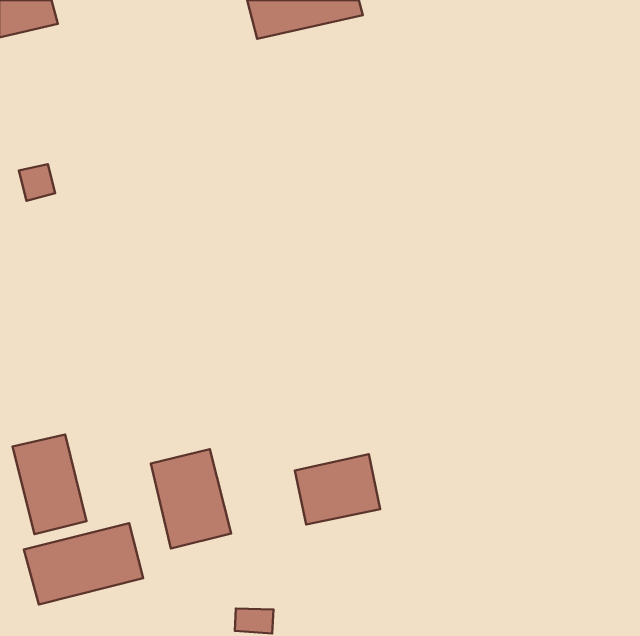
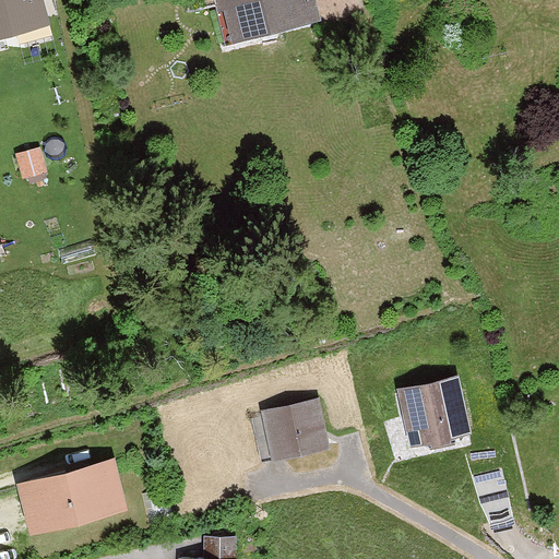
building: none -> [395,379,471,448]
building: [12,434,87,534] -> none
building: [151,449,231,549] -> none

